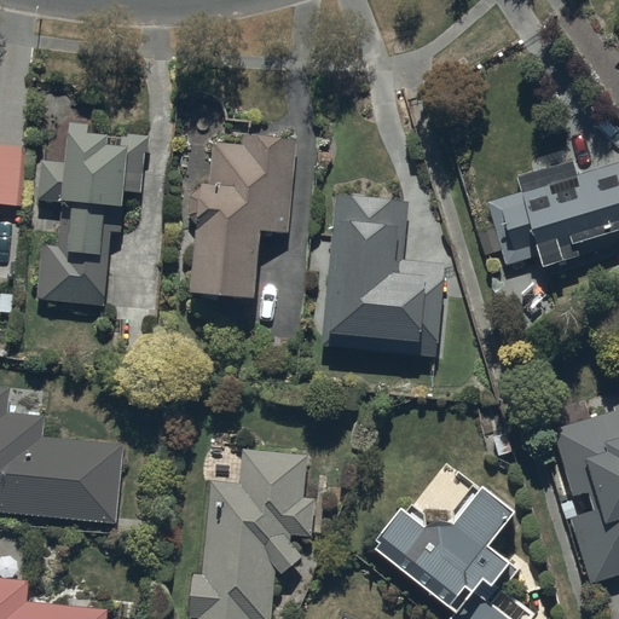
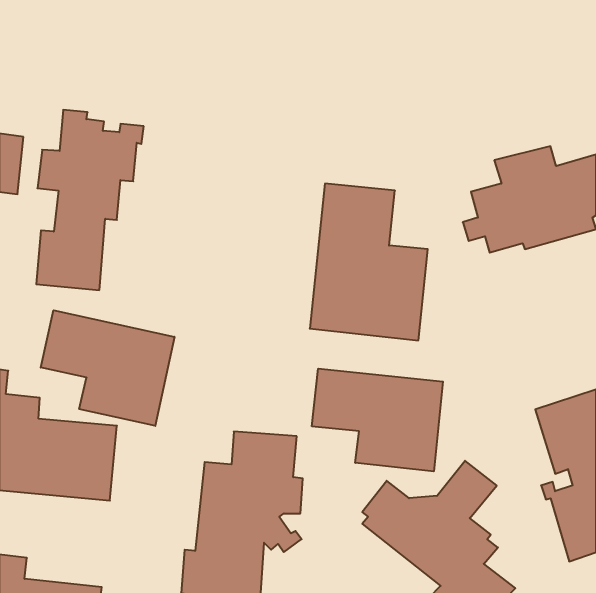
building: [193,144,301,302] -> none
building: none -> [41,310,174,426]
building: none -> [312,369,443,471]

